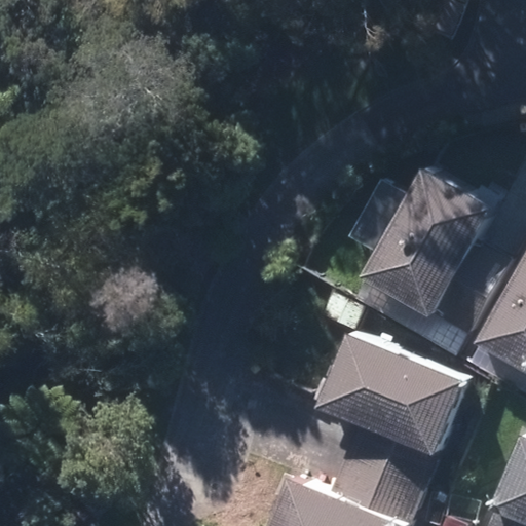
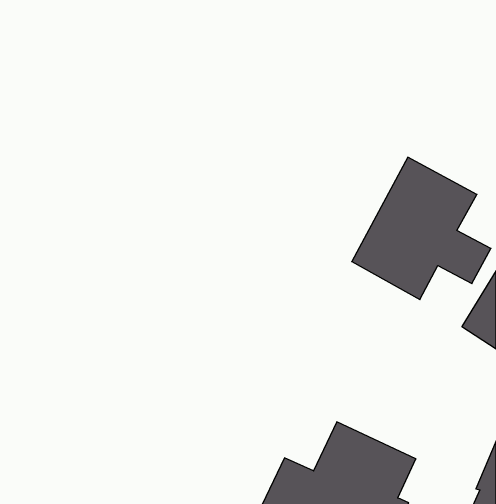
building: [315,333,472,462] -> none

